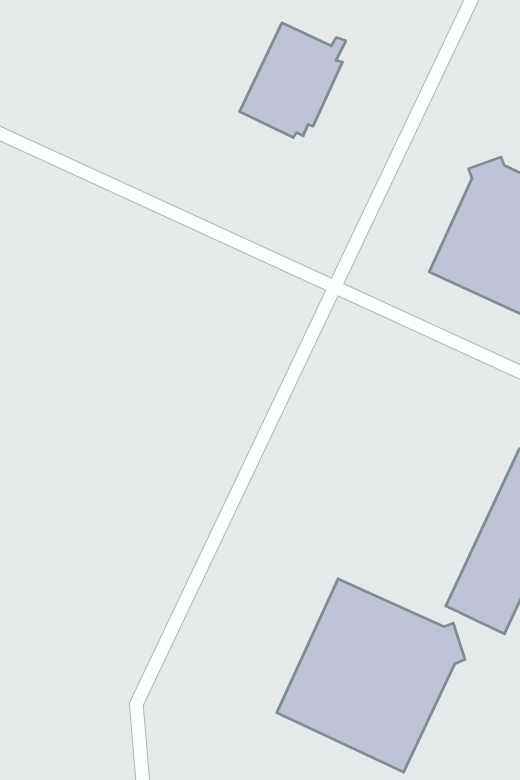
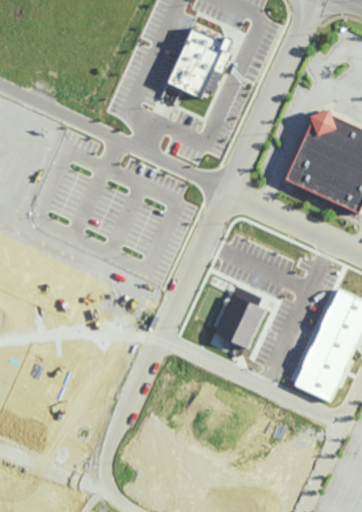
building: none -> [216,294,264,348]
building: [277,579,465,772] -> none

